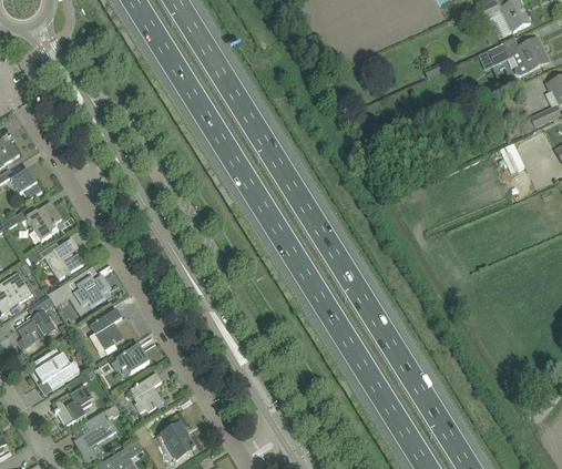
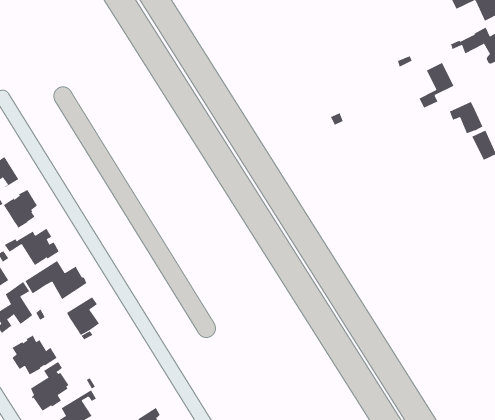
building: none -> [419,62,454,109]
building: none -> [449,101,483,135]
building: [115,344,147,370] -> none
building: [129,373,162,412] -> none

